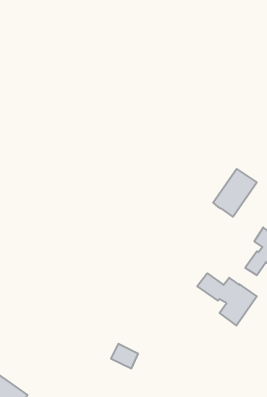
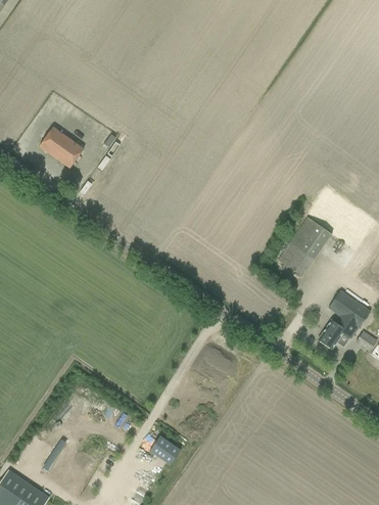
building: none -> [39,126,84,168]
building: [197,273,257,326] -> none

